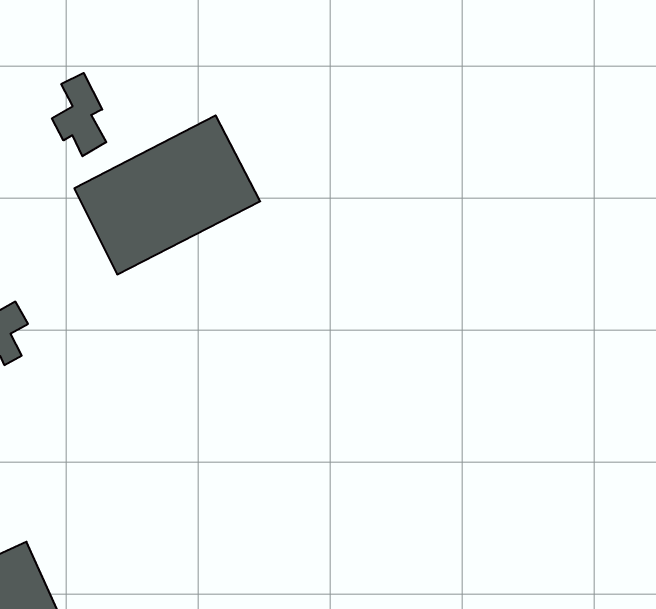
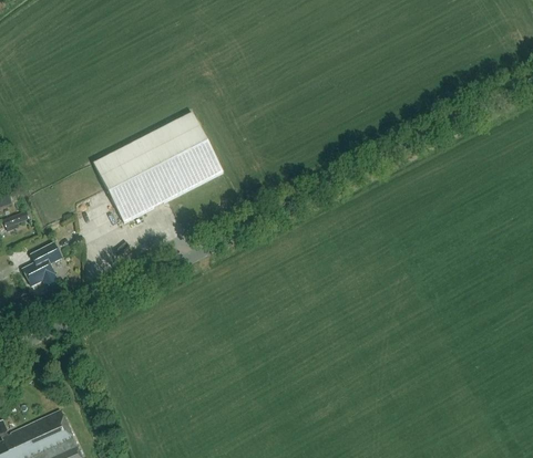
building: [52,73,106,156] -> none

